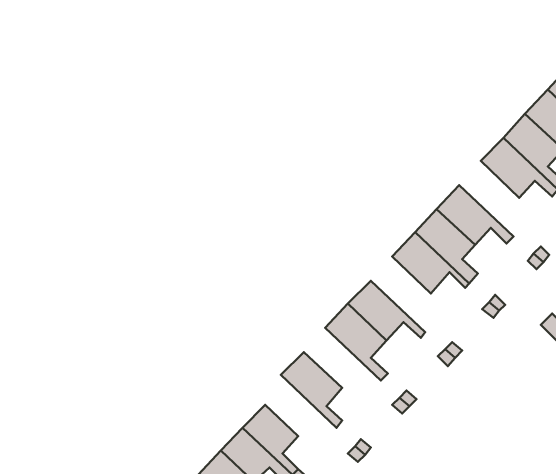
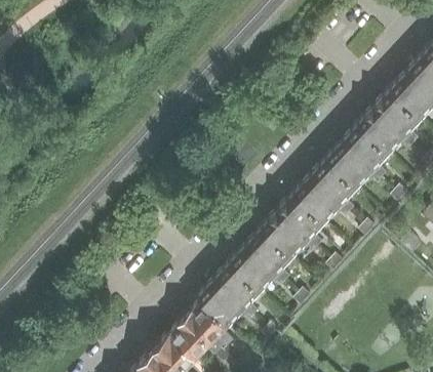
building: none -> [344,123,387,177]
building: none -> [280,192,326,246]
building: none -> [232,243,287,286]
building: none -> [200,277,255,321]

